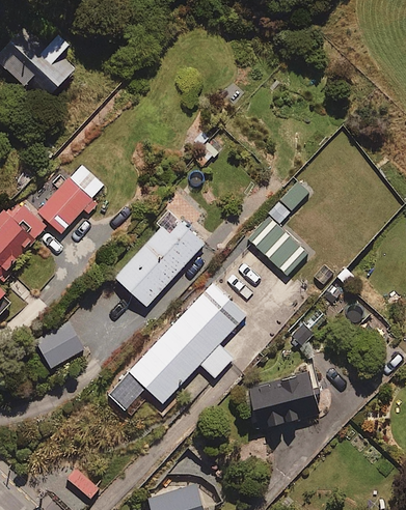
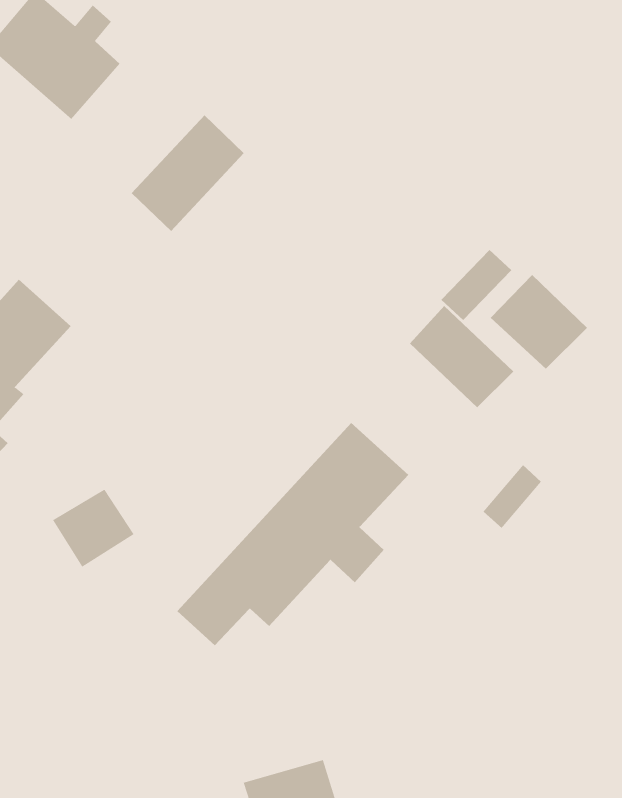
building: [36,164,104,233] -> [131,115,245,232]
building: none -> [490,274,588,370]
building: [113,210,205,307] -> none
building: [245,372,319,430] -> none

